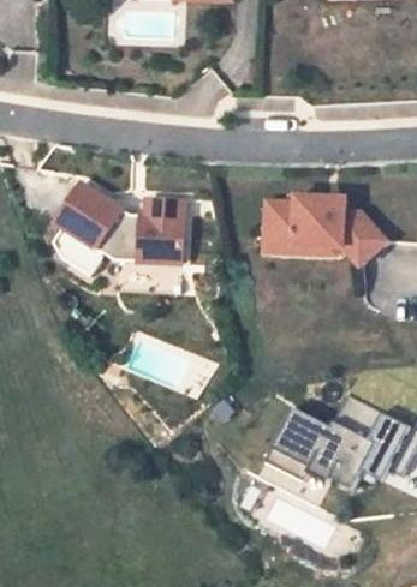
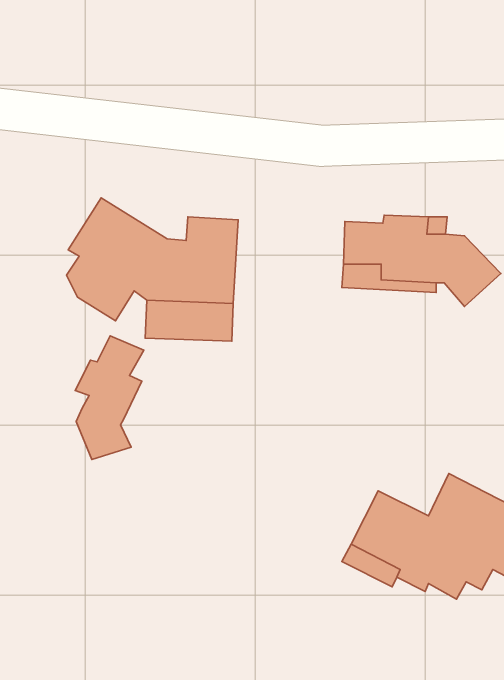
building: none -> [75,336,144,460]

